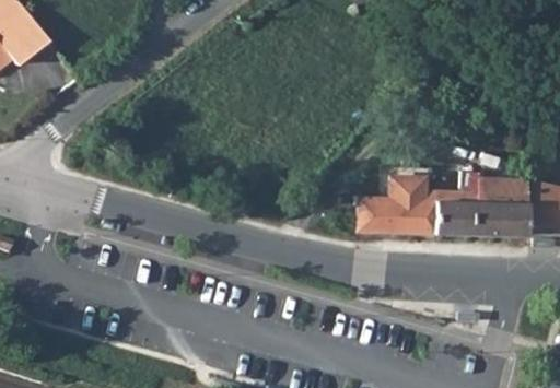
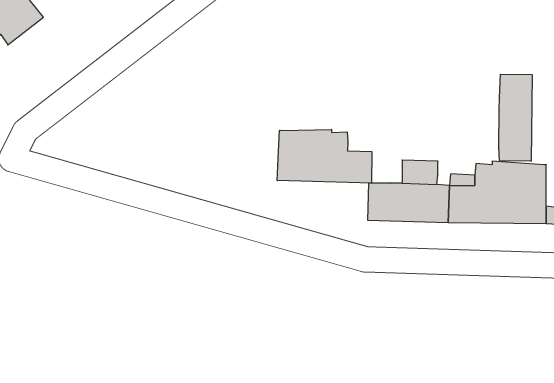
building: none -> [499,74,532,161]
building: none -> [277,129,372,183]

